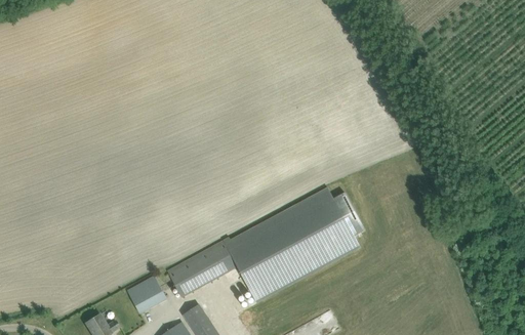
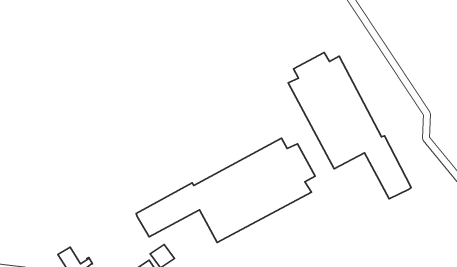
building: none -> [288,53,411,199]
building: [127,276,167,313] -> none

